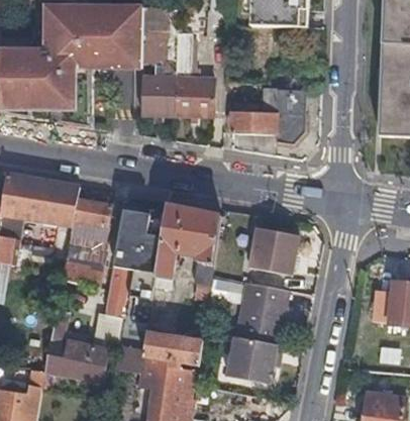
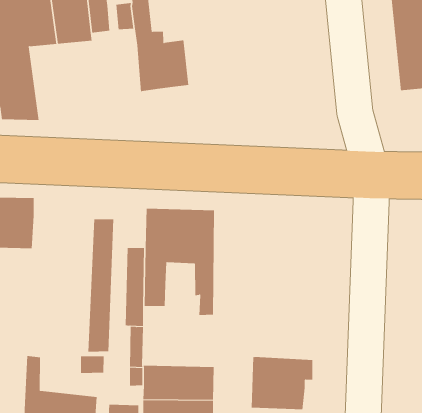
building: [139,75,176,113] -> none
building: [230,87,304,141] -> none
building: [62,200,111,286] -> none
building: [248,226,298,274] -> none
building: [235,281,288,343] -> none

